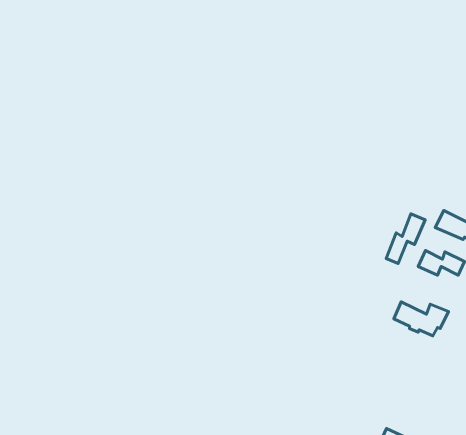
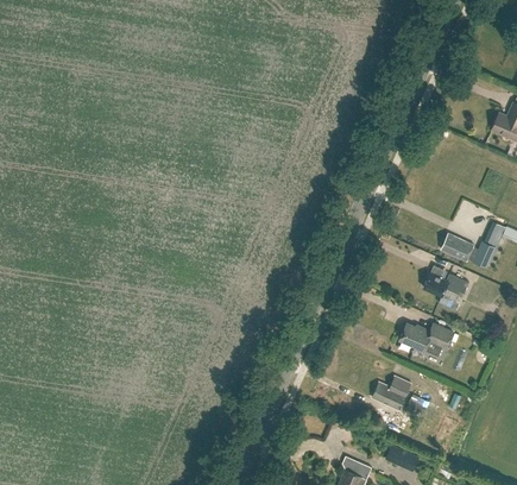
building: [386,214,425,263] -> none
building: none -> [372,374,410,409]

